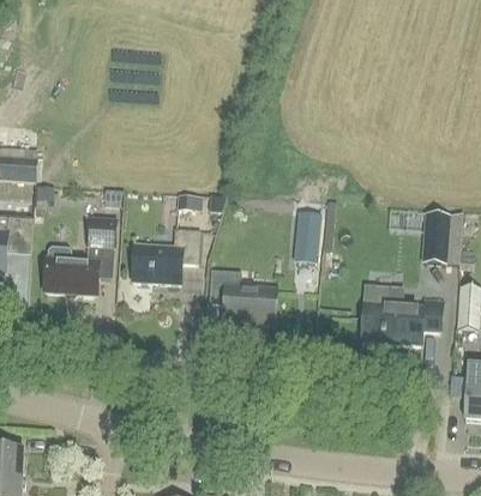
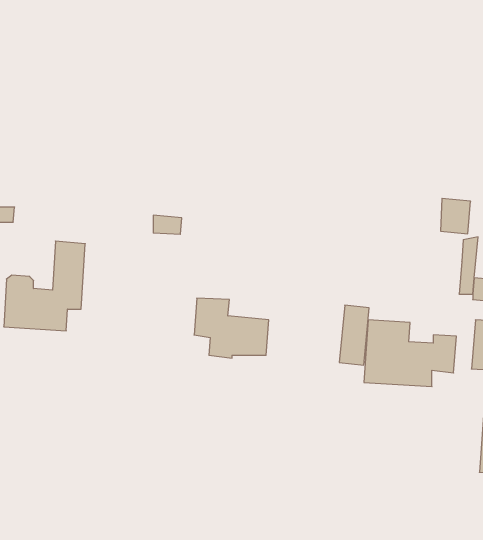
building: [294,210,320,262] -> [339,305,369,365]
building: [132,229,200,282] -> none
building: [422,231,449,262] -> [441,198,471,234]

